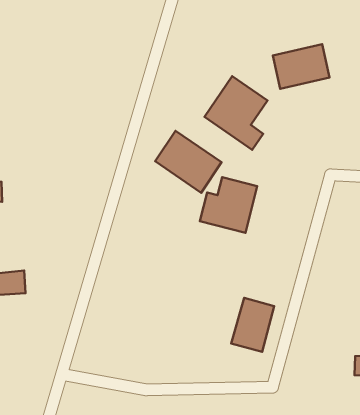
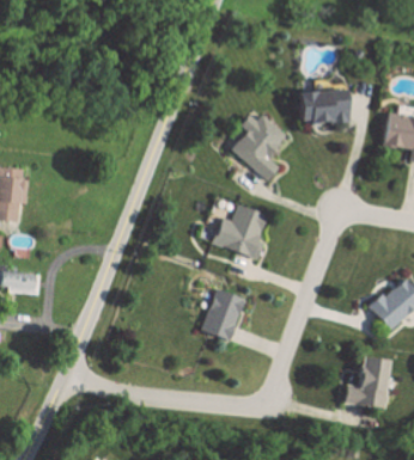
building: [155,131,221,193] -> none
building: [231,298,274,352] -> [201,288,245,341]

